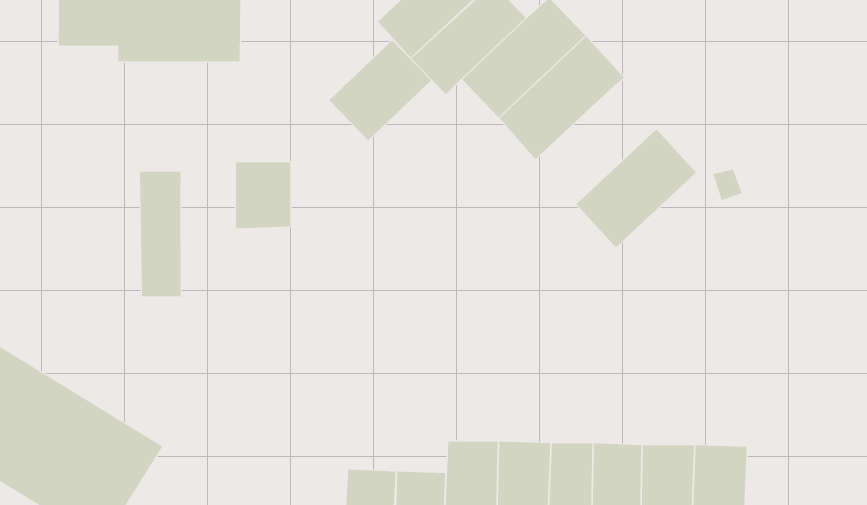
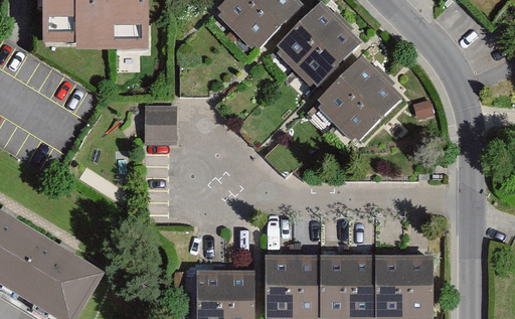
building: [328,39,432,141] -> none
building: none -> [313,55,382,124]
building: [140,171,181,297] -> none

